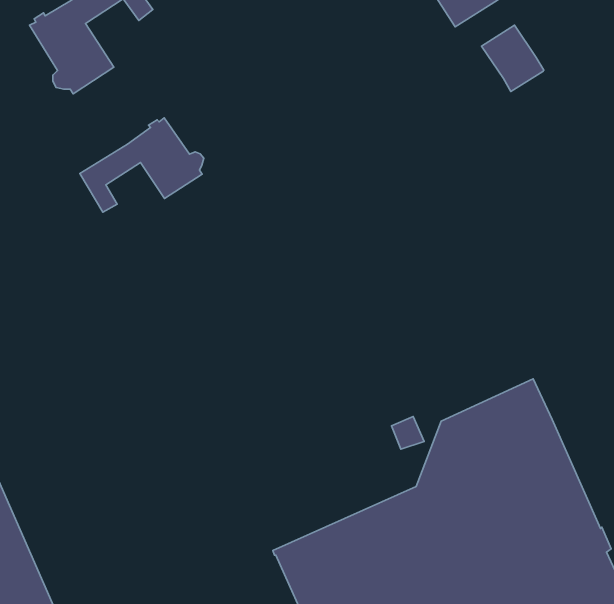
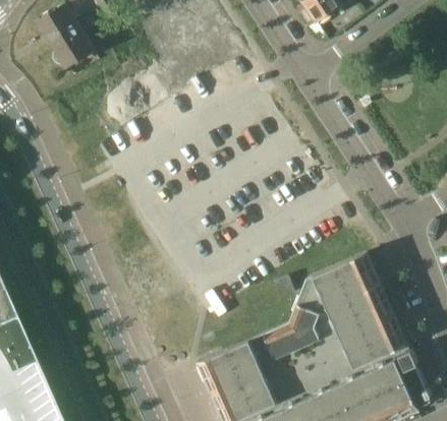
building: [482,25,544,91] -> none
building: [80,118,204,212] -> none

